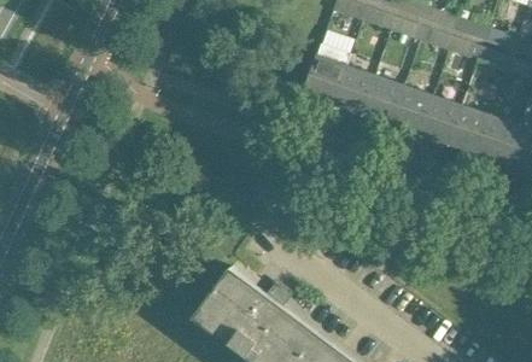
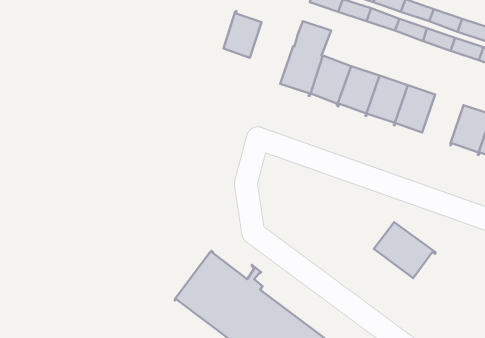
building: none -> [223,11,262,58]
building: [439,103,481,152] -> none
building: none -> [374,222,435,278]

